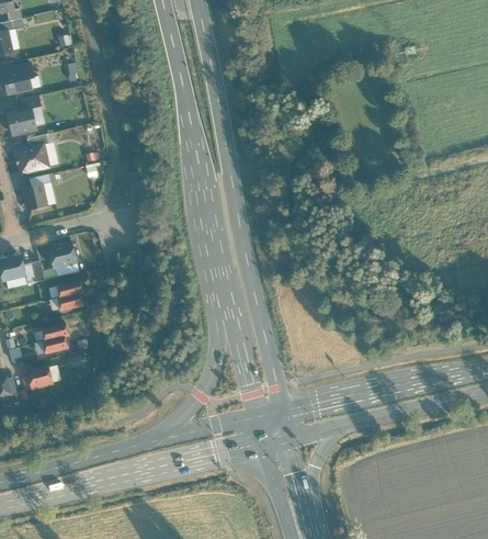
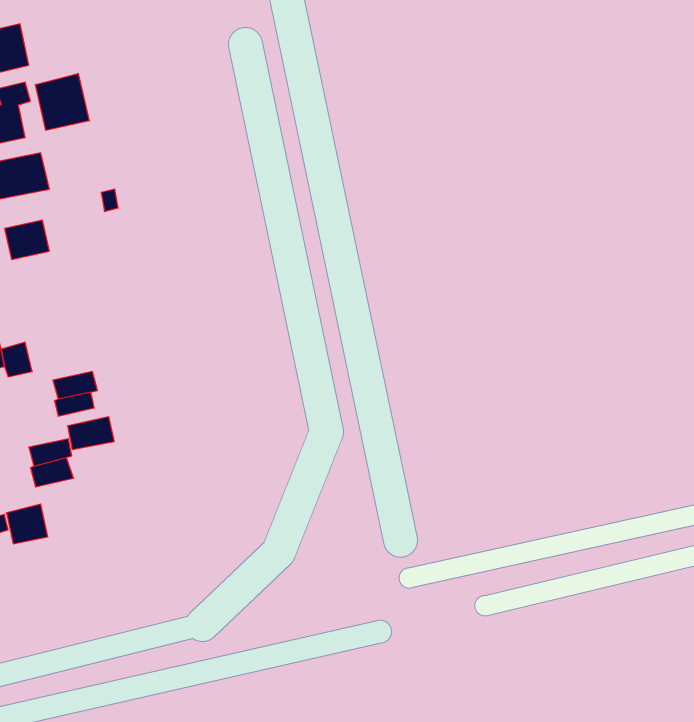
building: none -> [35,73,89,130]
building: [46,242,75,270] -> none
building: none -> [68,417,114,450]

